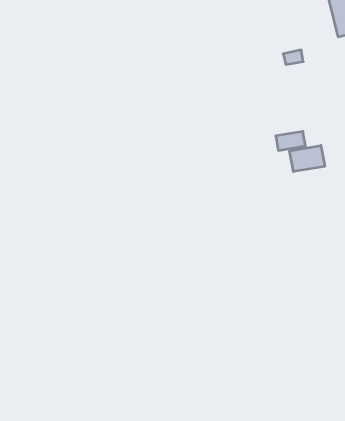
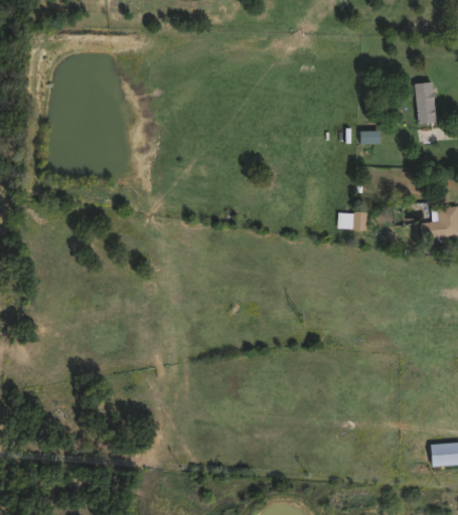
building: [290,145,325,172] -> none

